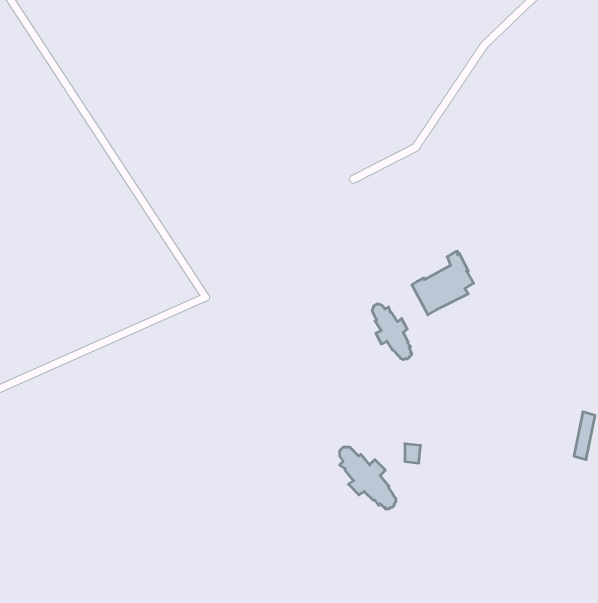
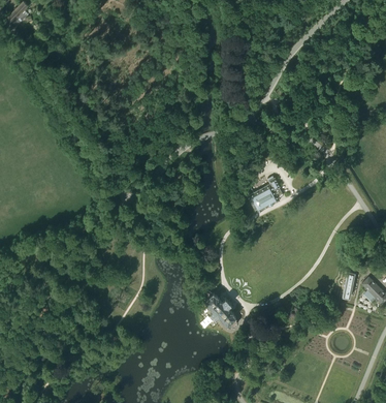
building: [372,304,412,360] -> none

